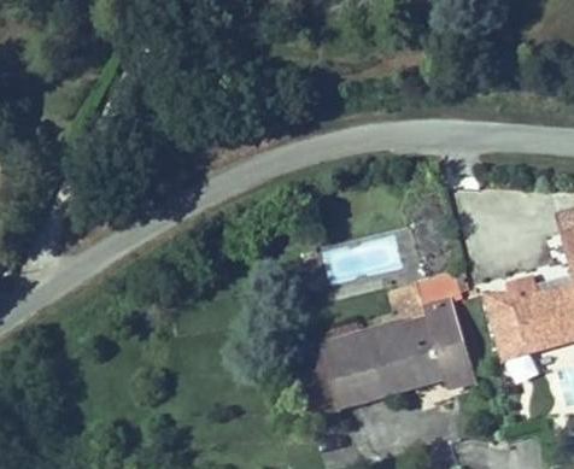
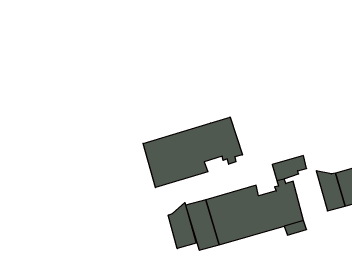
building: none -> [143,117,242,188]
building: none -> [168,203,196,249]

